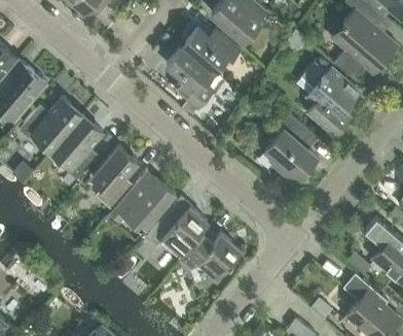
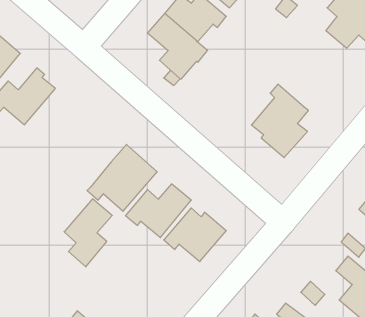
building: [298,61,359,136] -> none
building: [51,117,103,181] -> none
building: [93,146,138,210] -> [64,199,112,267]

